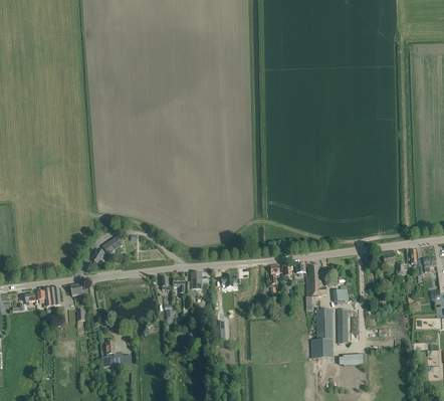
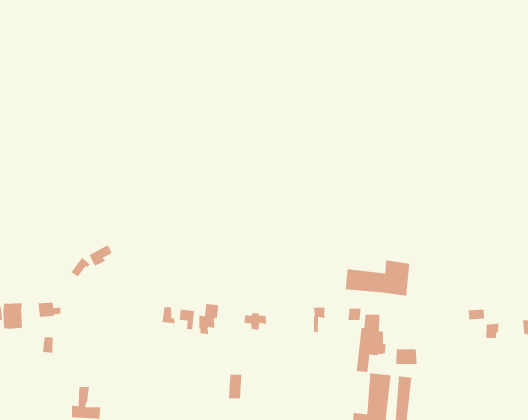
building: none -> [345,260,410,297]

